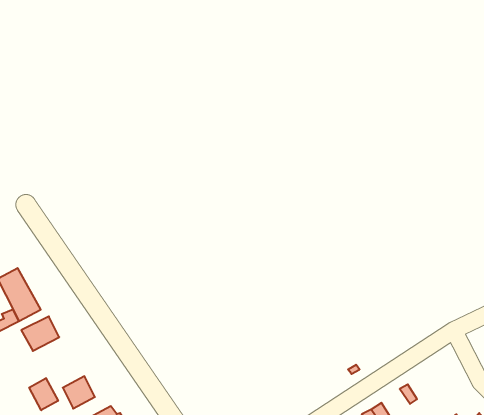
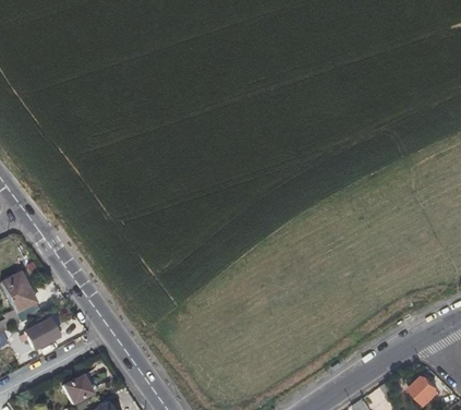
building: [29,378,58,410] -> none
building: none -> [409,375,439,405]

